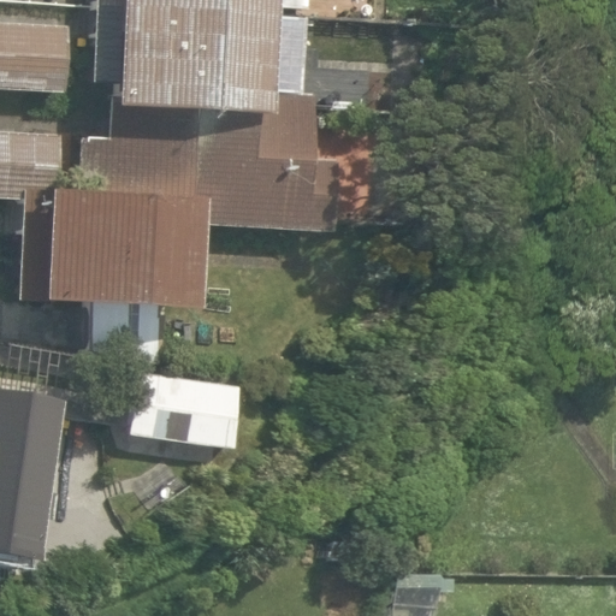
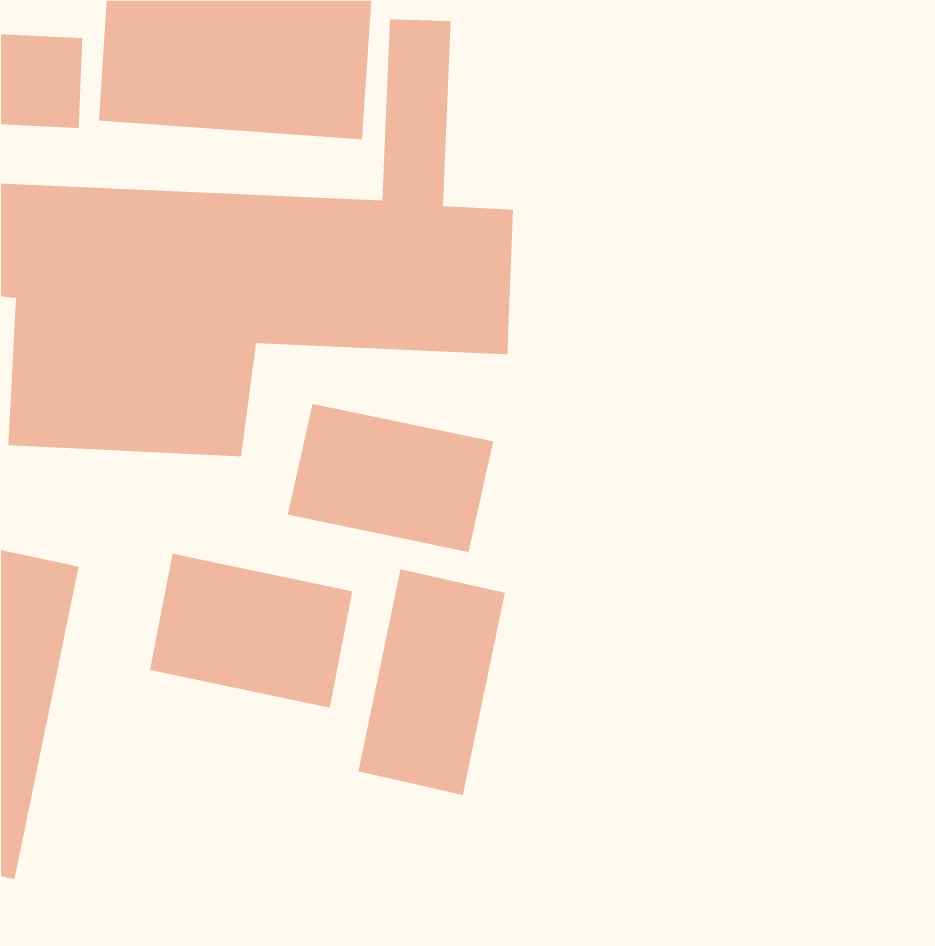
building: none -> [287,403,494,553]
building: none -> [358,568,505,796]

